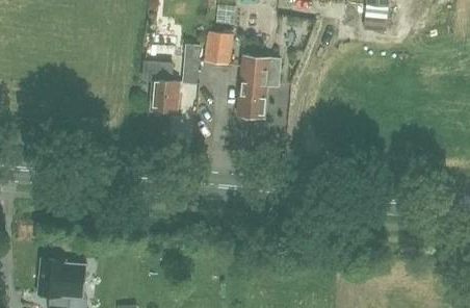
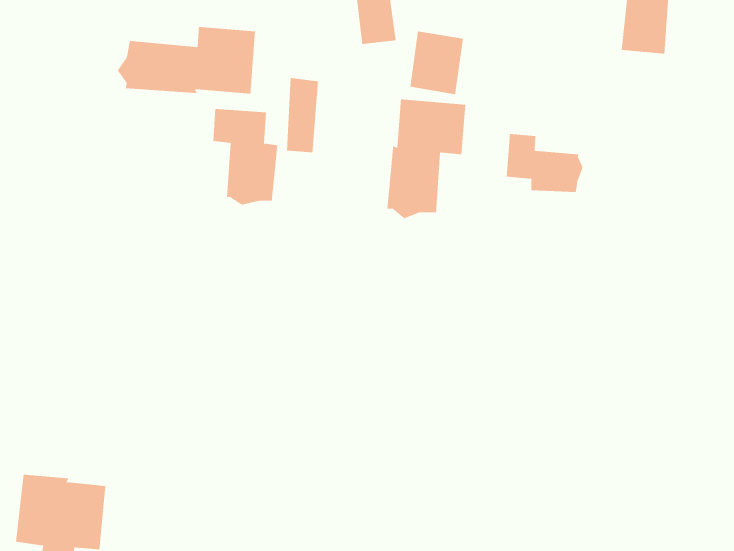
building: none -> [117,26,255,94]
building: [204,30,233,65] -> [409,31,464,95]
building: none -> [506,133,583,193]

